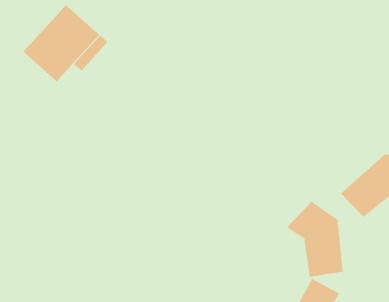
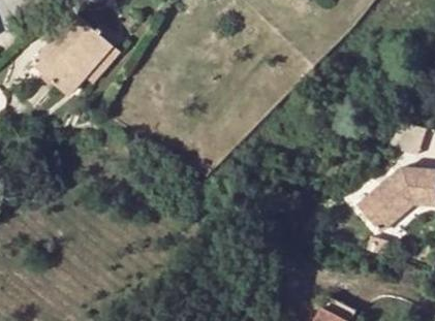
building: [286,201,343,277] -> none

